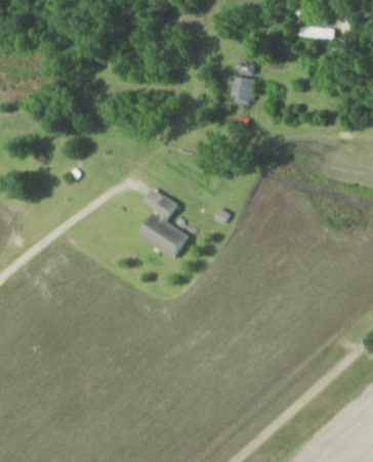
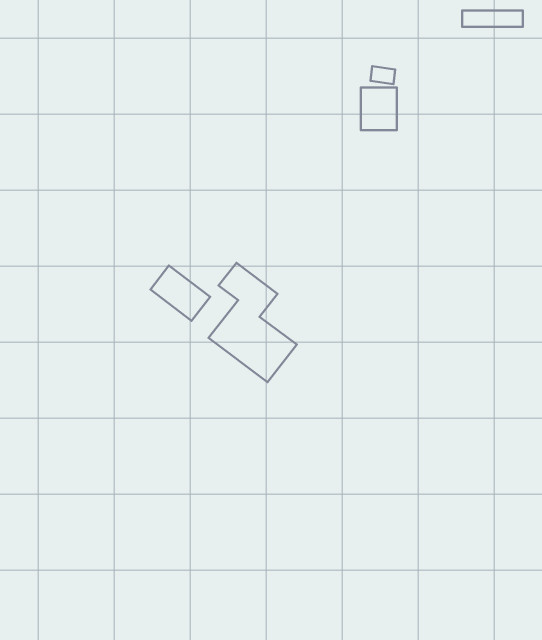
building: none -> [150,265,210,321]

